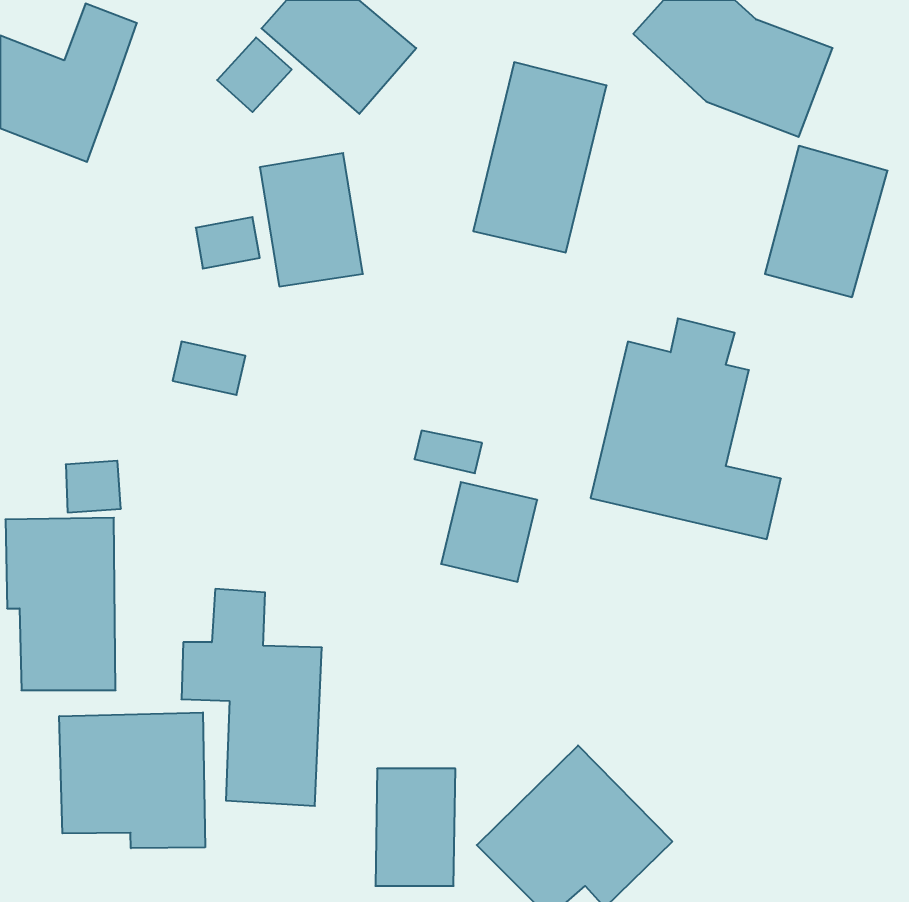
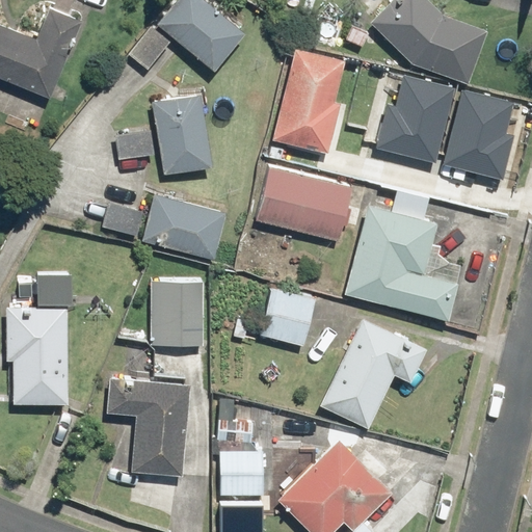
building: none -> [373,75,456,160]
building: none -> [254,166,351,241]
building: none -> [144,194,222,257]
building: none -> [149,284,204,347]
building: none -> [319,317,427,428]
building: [59,712,205,848] -> none

